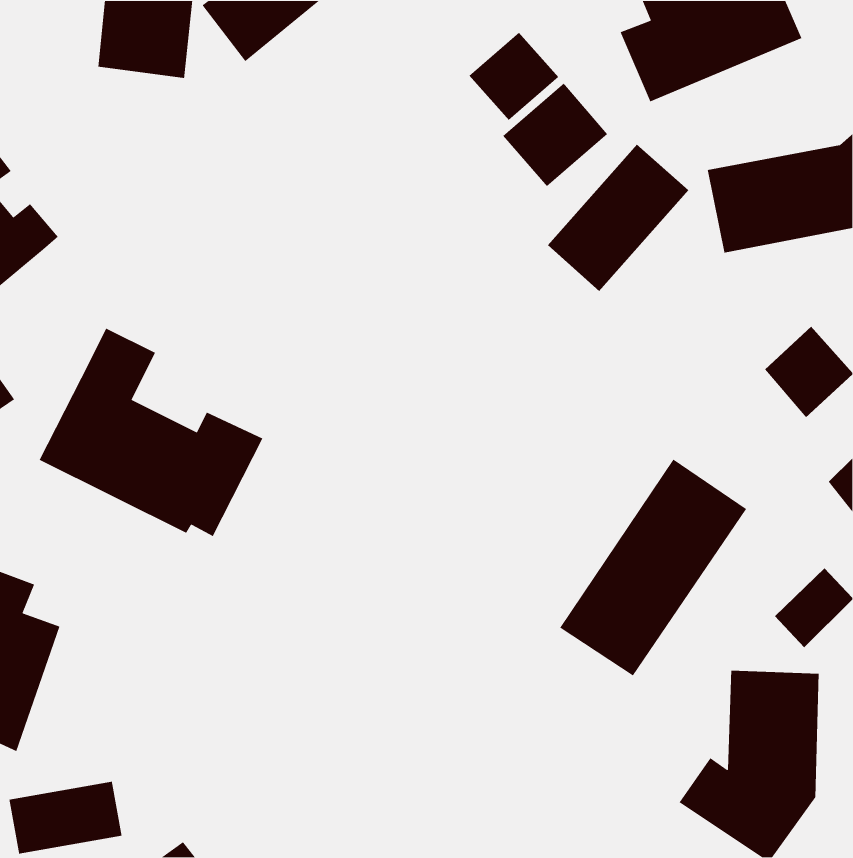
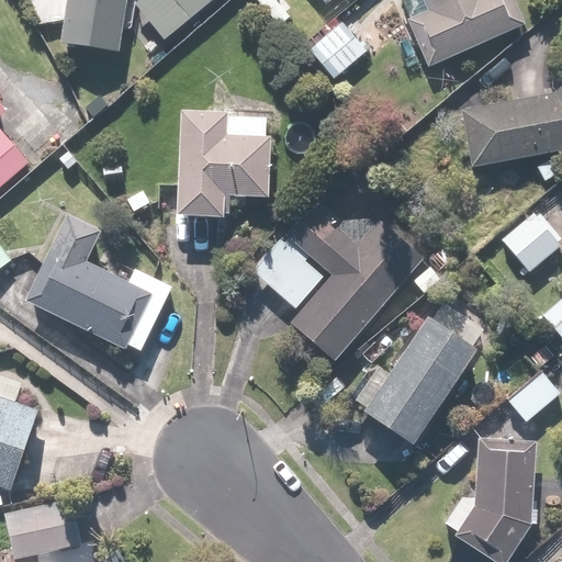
building: [502,83,608,187] -> none
building: [547,144,689,292] -> none
building: none -> [178,110,272,217]
building: none -> [254,205,425,359]

